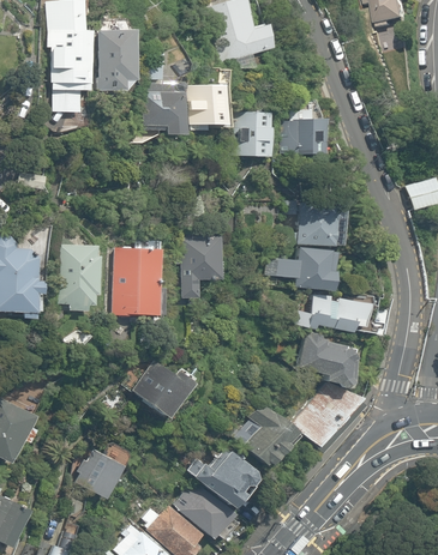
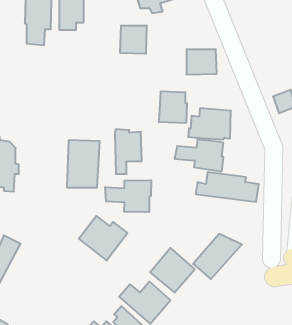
building: [140,91,182,134] -> none
building: [232,111,272,156] -> [159,92,187,123]
building: [56,245,97,312] -> none
building: none -> [105,180,151,212]
building: [298,332,359,386] -> none
building: [70,440,128,497] -> none

